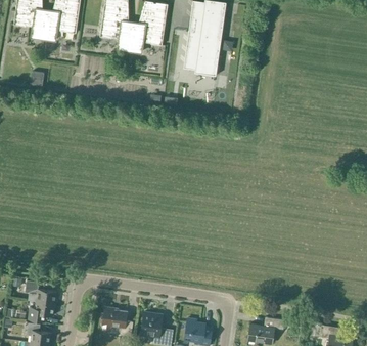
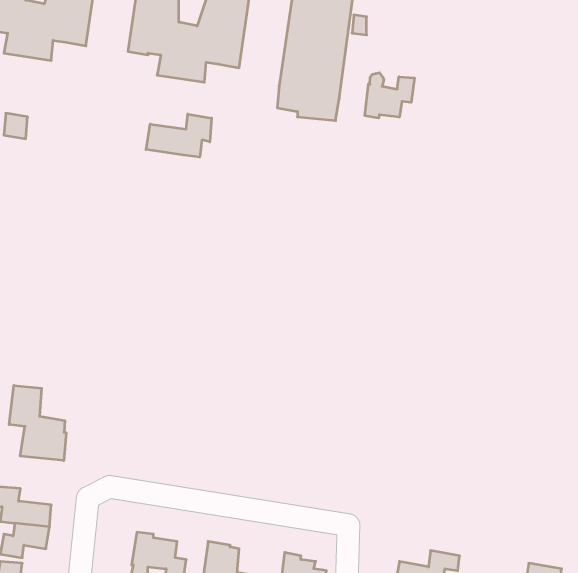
building: none -> [365,73,414,118]
building: none -> [146,114,212,157]
building: none -> [9,385,66,461]

